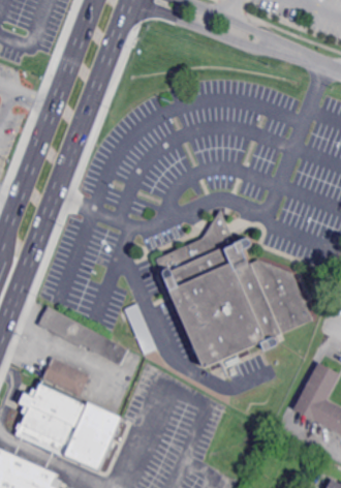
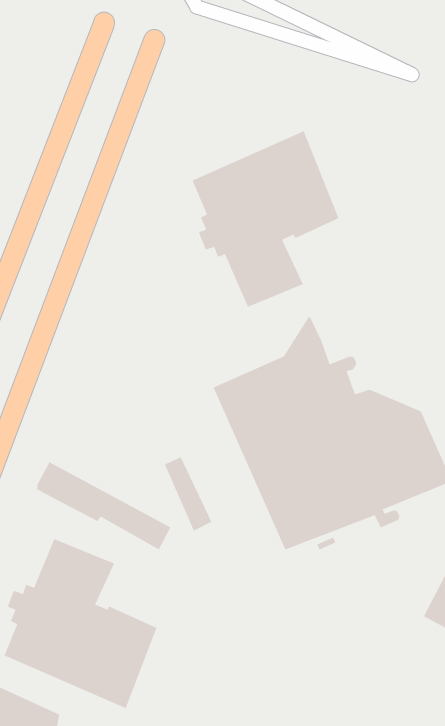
building: none -> [192,130,340,308]

